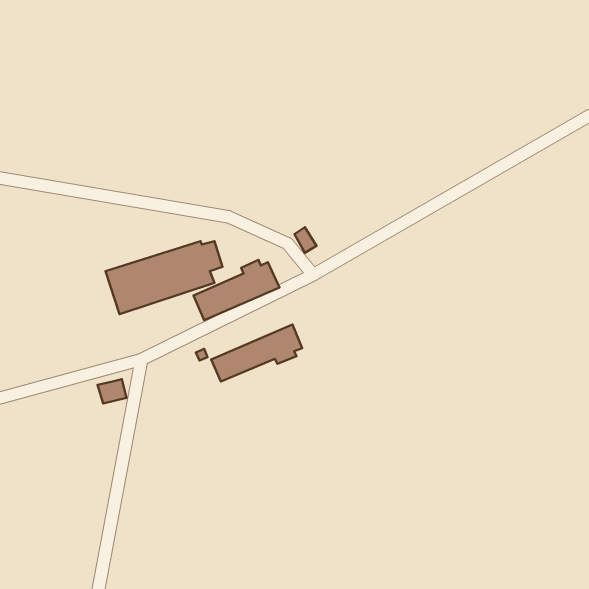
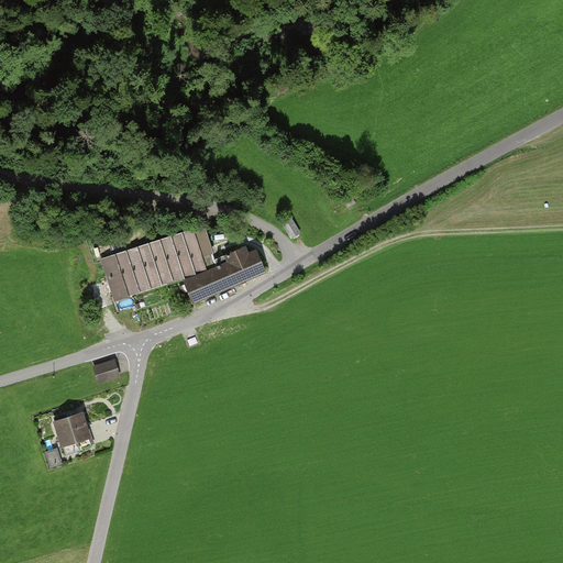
building: [211,324,302,382] -> none
building: none -> [52,411,93,452]

